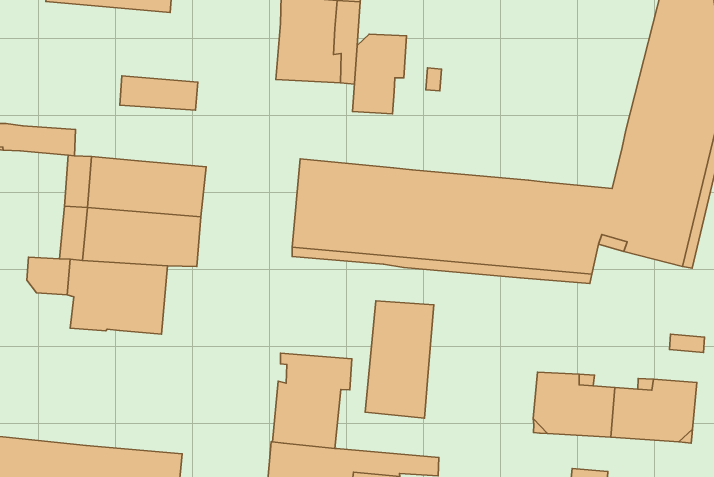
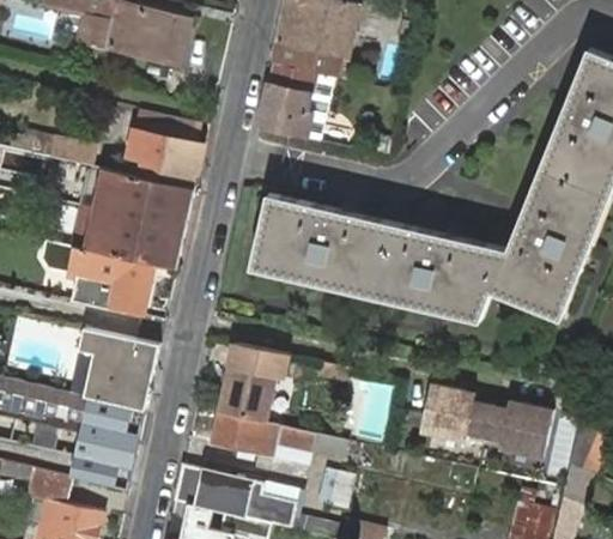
building: [352,34,407,114] -> none
building: none -> [128,132,202,189]
building: [365,301,434,418] -> none
building: none -> [71,327,159,411]

